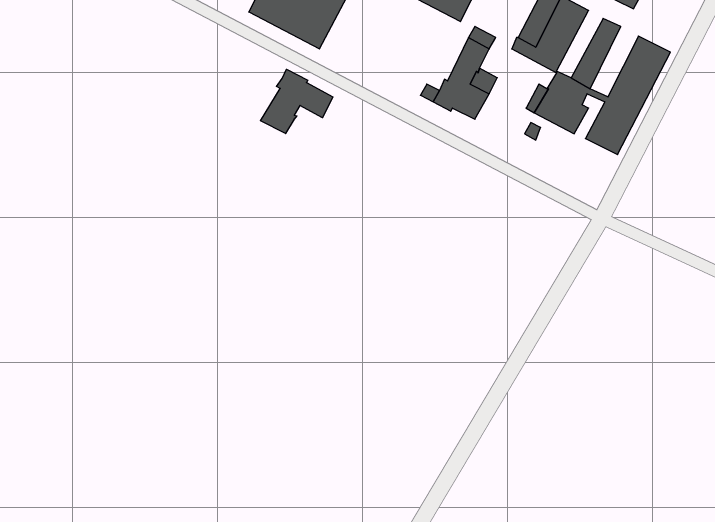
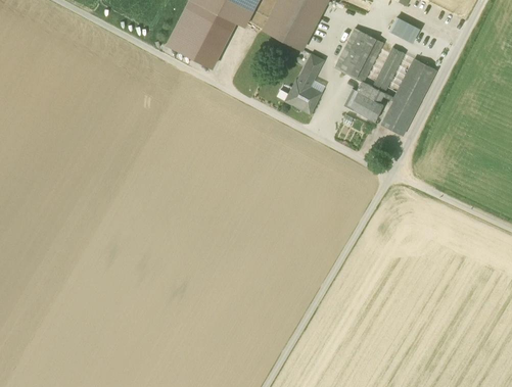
building: [260,69,333,134] -> none

